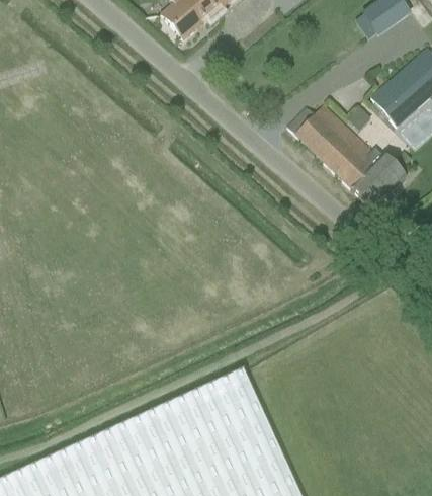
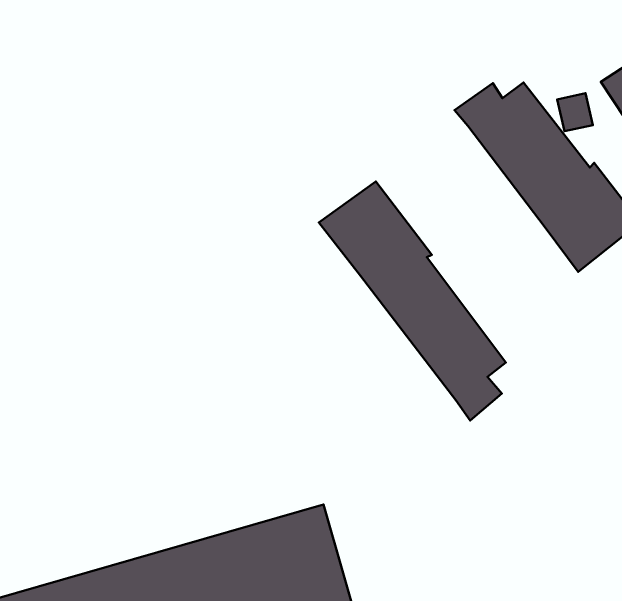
building: none -> [319,181,506,420]

